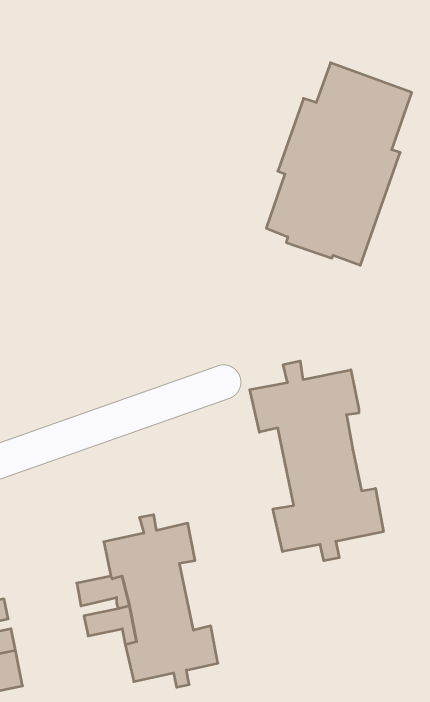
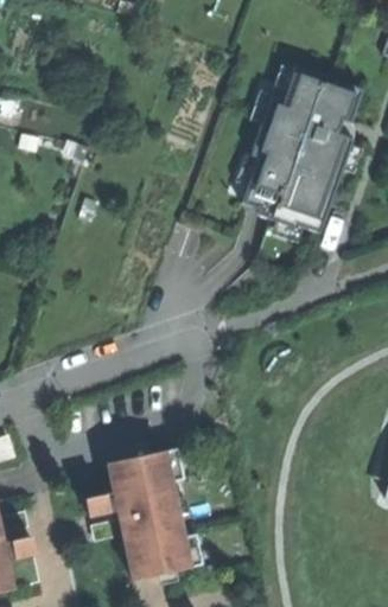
building: [250,361,383,561] -> none

